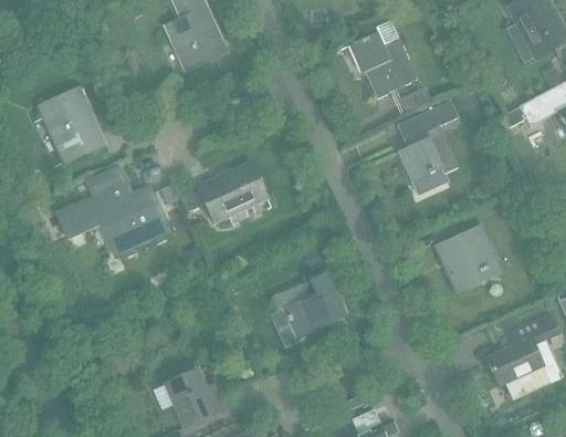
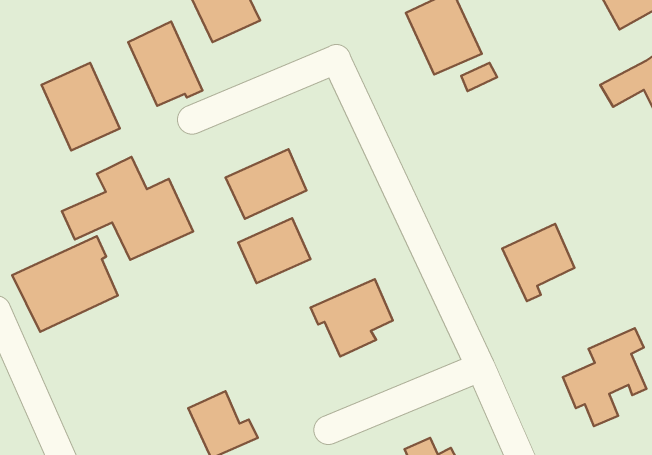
building: none -> [128,22,202,106]
building: [397,100,459,183] -> none
building: none -> [238,218,311,283]
building: none -> [12,236,118,332]

